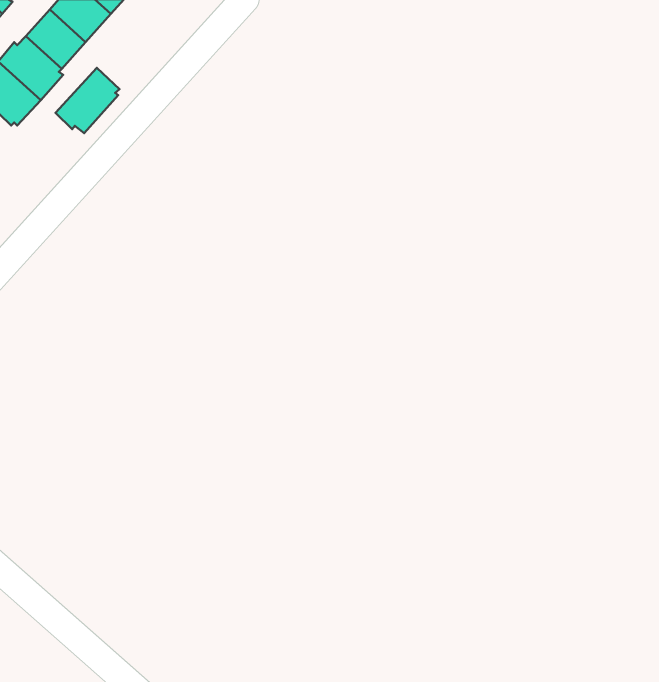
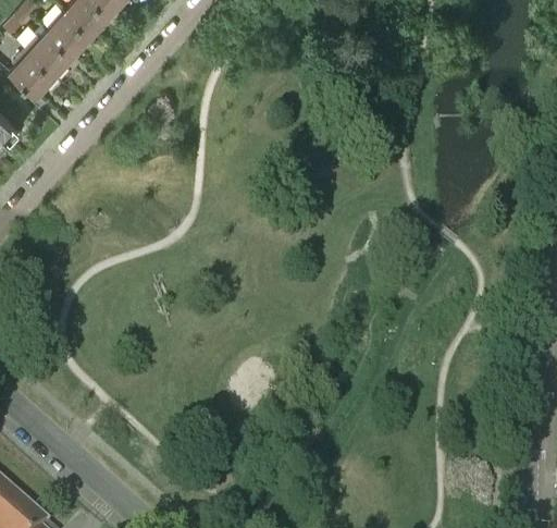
building: [55,68,120,133] -> none

